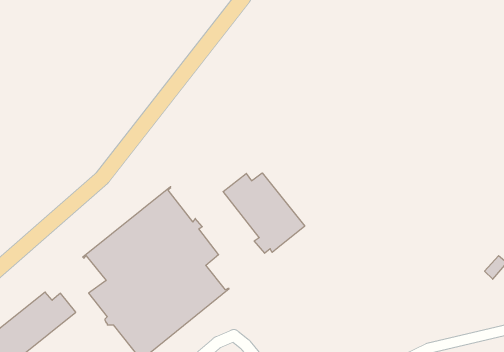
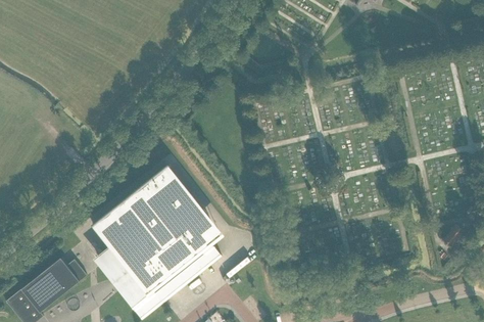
building: [223,173,305,253] -> none

